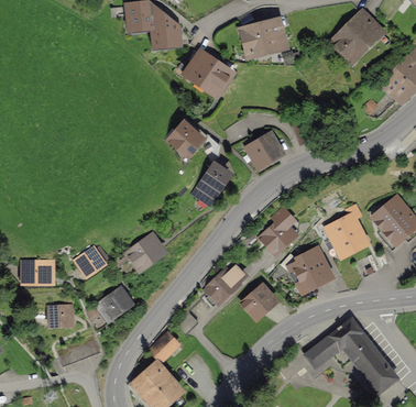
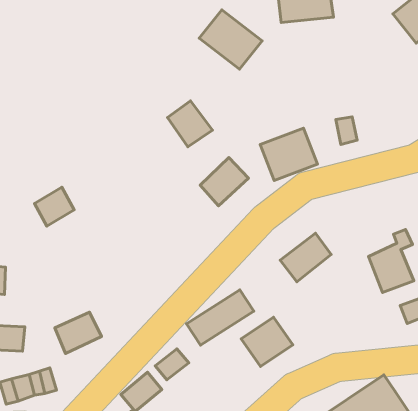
building: [128,234,164,270] -> none
building: [77,245,108,276] -> [34,187,74,226]
building: [287,248,332,292] -> none

